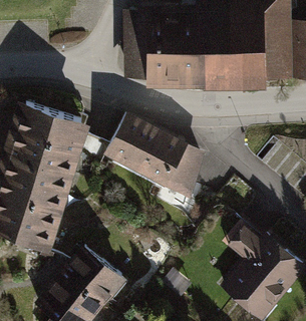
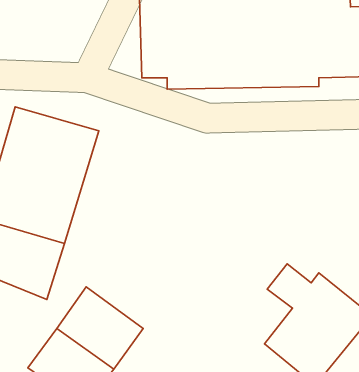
building: [107,117,203,199] -> none

